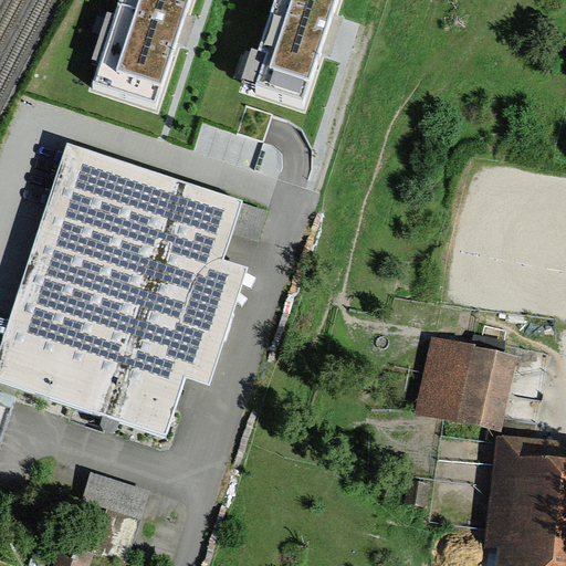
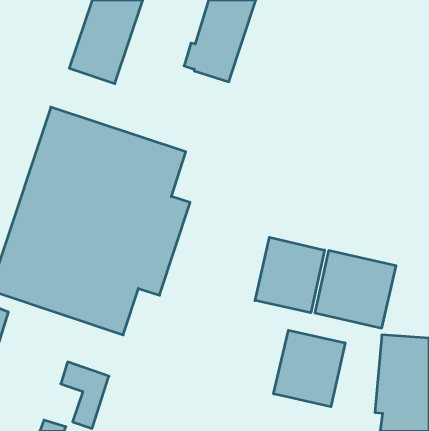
building: none -> [255,237,325,313]
building: none -> [274,330,345,407]

